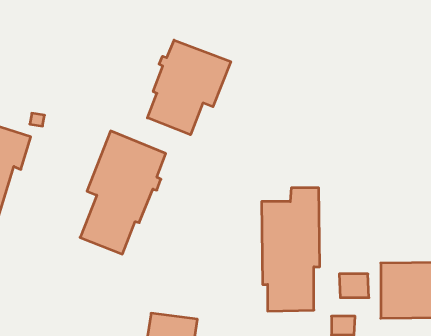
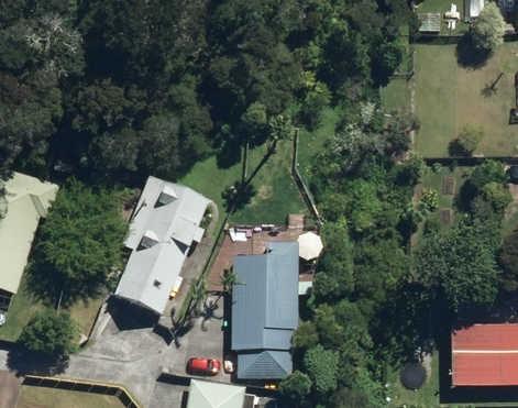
building: [147,40,231,135] -> none
building: [262,188,320,311] -> [232,241,297,378]

